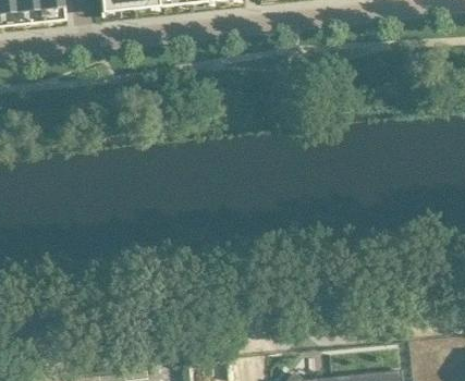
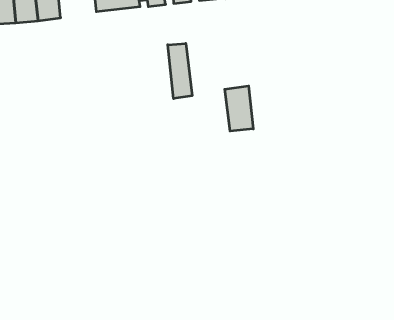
building: none -> [168,43,192,99]
building: none -> [225,86,253,131]

